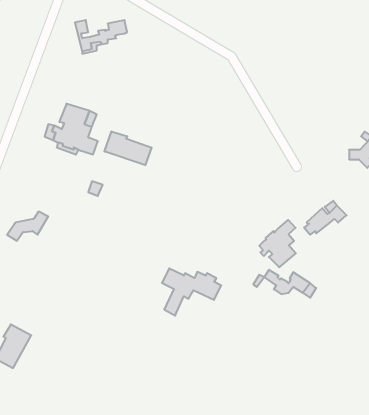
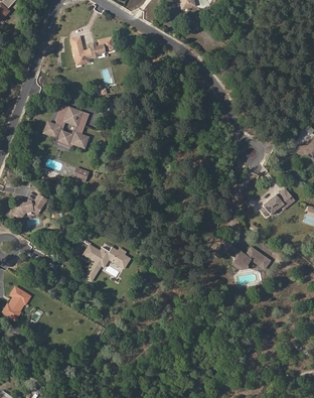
building: [104,131,152,165] -> none
building: [259,220,296,267] -> none
building: [162,268,221,316] -> [84,244,133,283]

